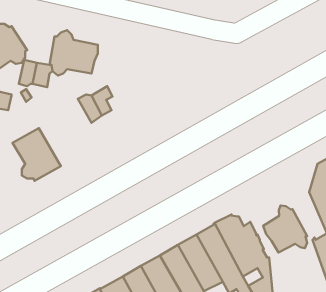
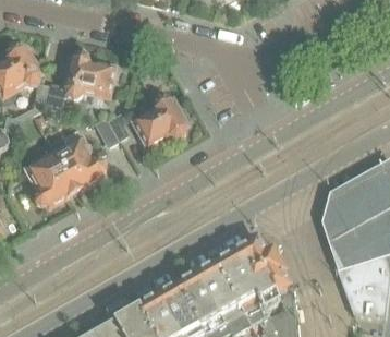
building: none -> [132,95,186,146]
building: none -> [31,128,105,191]
building: [263,205,307,253] -> none

